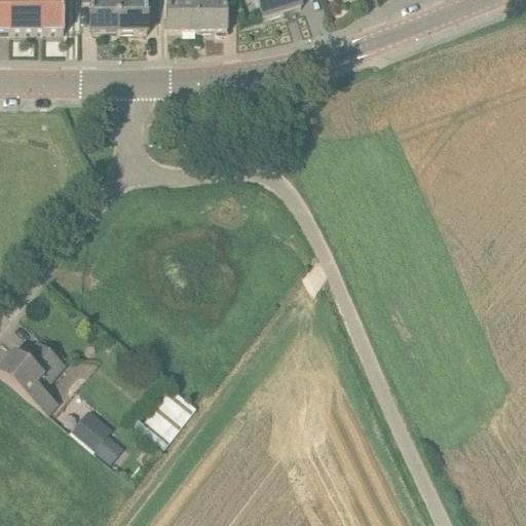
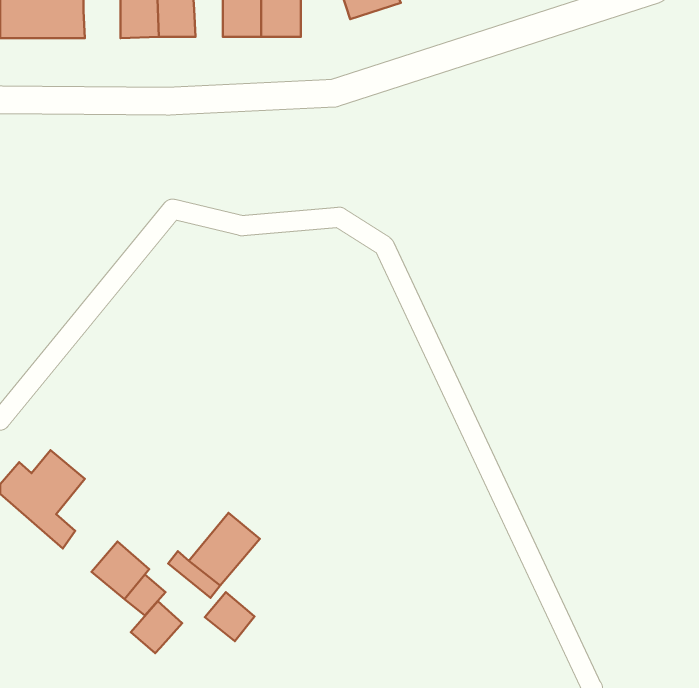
building: none -> [205,592,255,641]
building: none -> [131,601,182,653]

